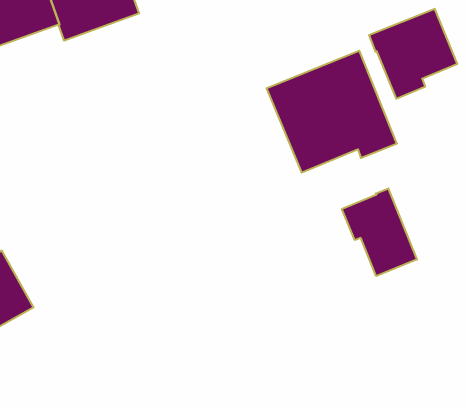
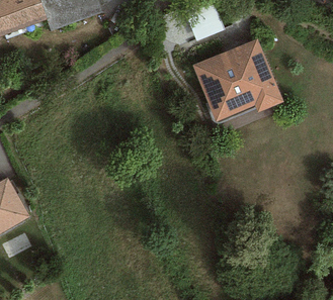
building: [369,9,457,99] -> none
building: [342,188,417,276] -> none

